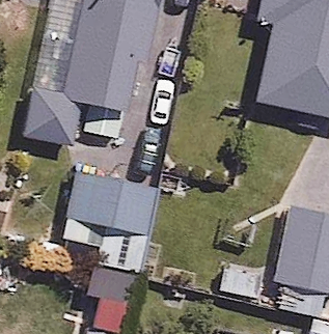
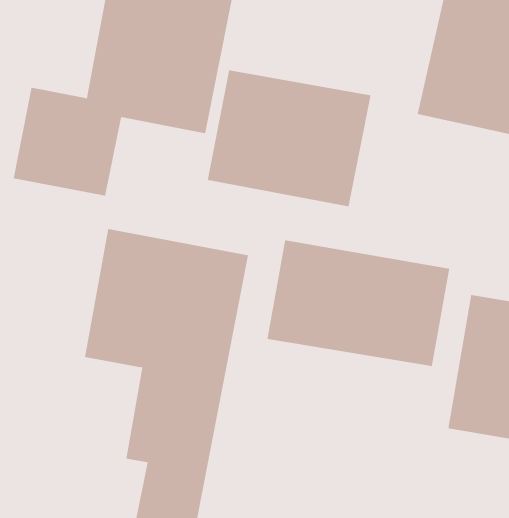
building: none -> [207,70,371,207]
building: none -> [267,240,450,367]

